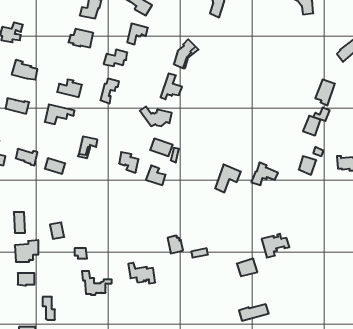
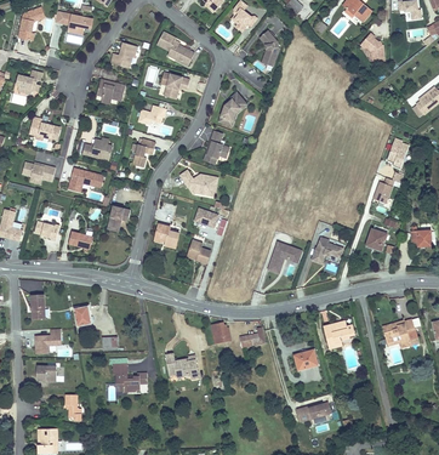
building: none -> [382,318,418,347]

